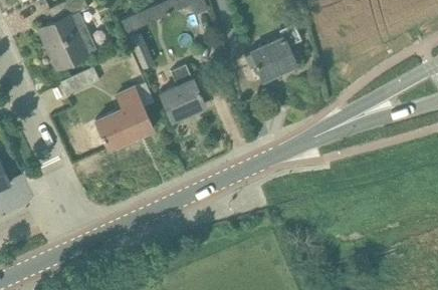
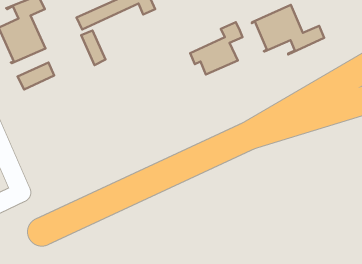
building: none -> [252,5,324,55]
building: [160,65,205,121] -> none
building: [95,83,154,150] -> none

